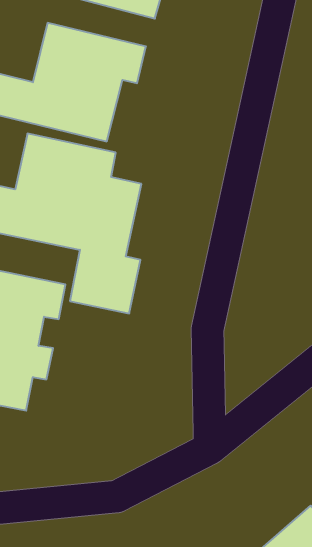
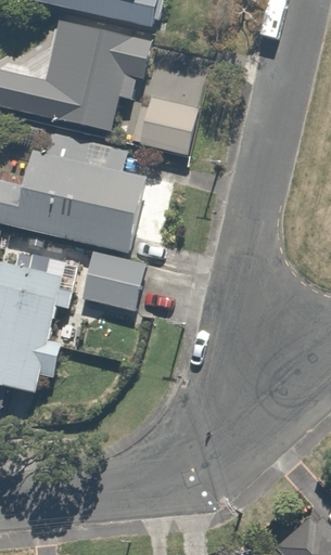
building: none -> [126,91,198,158]

